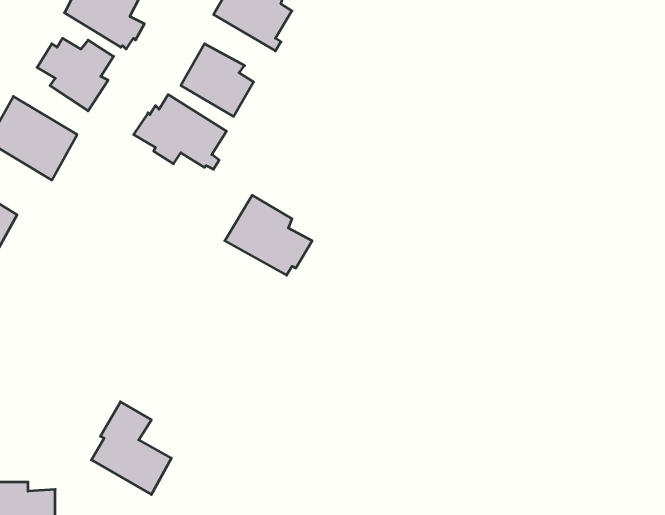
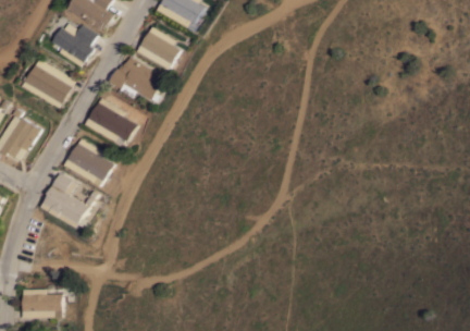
building: [225,195,312,275] -> [84,98,136,146]
building: none -> [63,139,113,187]
building: [91,402,171,495] -> [41,173,89,229]

